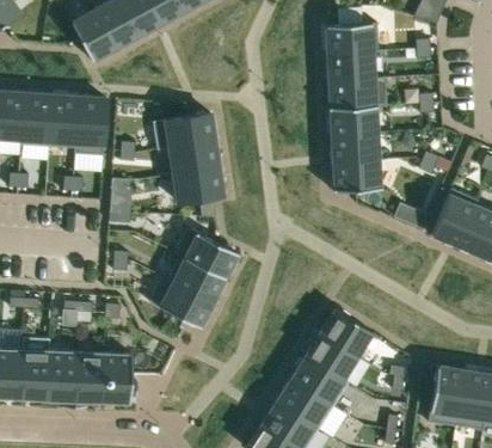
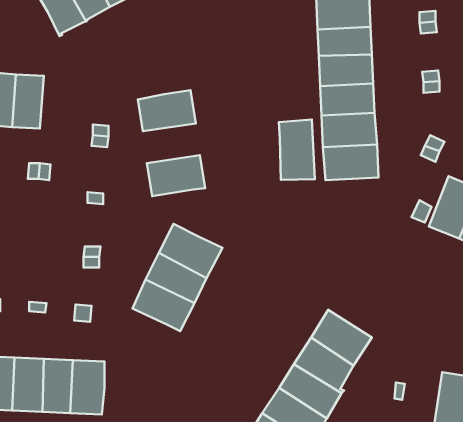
building: [75,97,109,147] -> none
building: none -> [279,120,315,180]
building: [168,140,220,176] -> none

